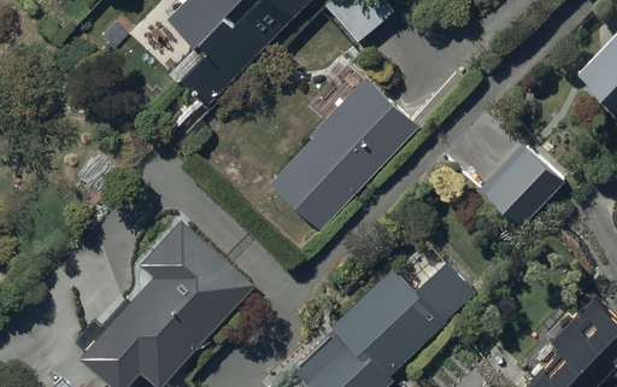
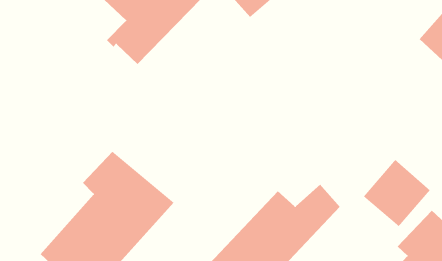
building: [265,71,419,233] -> none
building: [478,143,568,233] -> [363,159,431,227]

